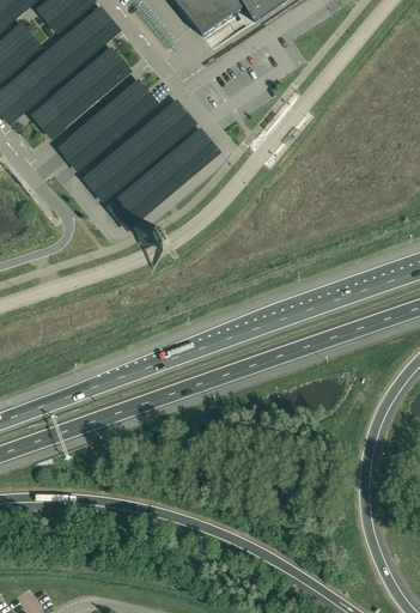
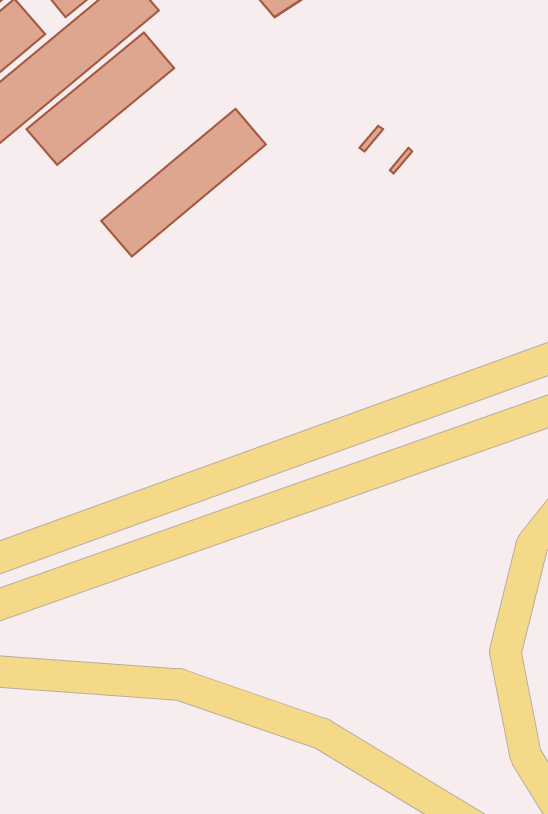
building: [56,77,159,171] -> none
building: [105,126,221,231] -> none

